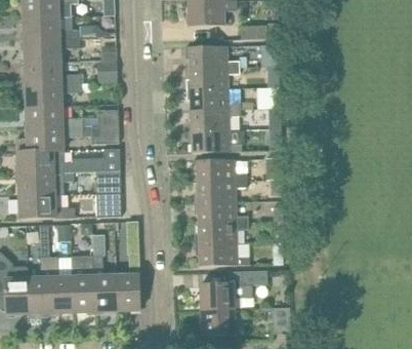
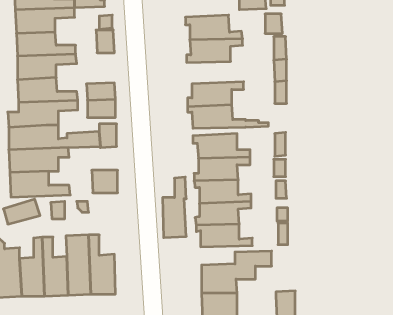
building: [187,89,241,111] -> none
building: [96,170,121,193] -> none
building: [118,254,140,311] -> [163,177,186,238]

